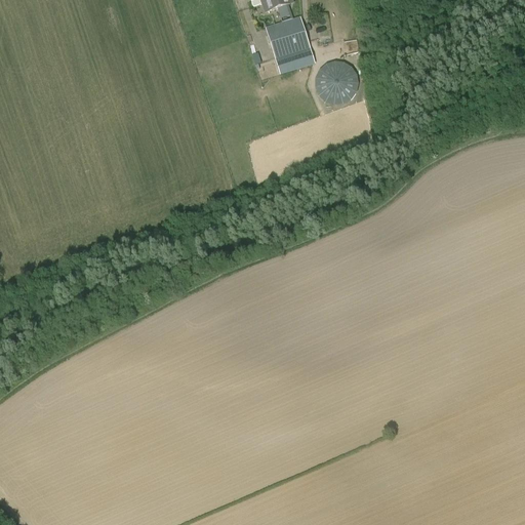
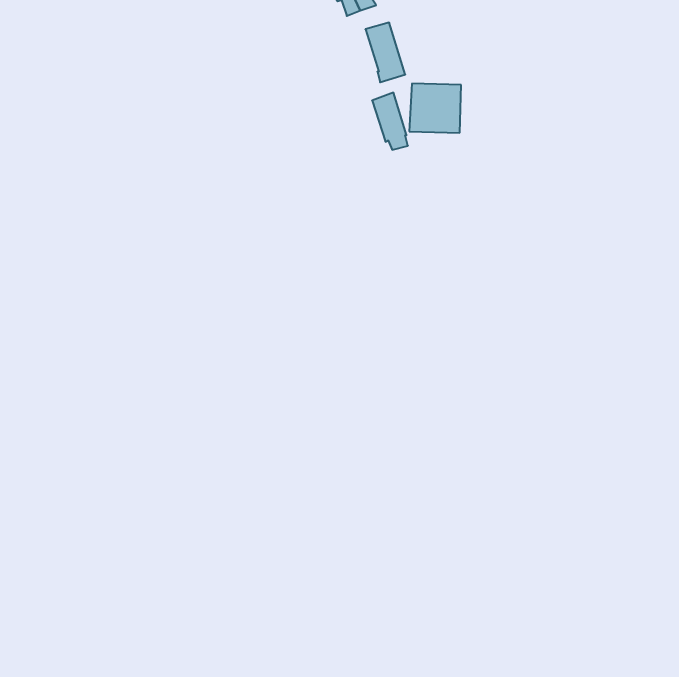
building: [266,23,293,67] -> [372,93,408,150]

